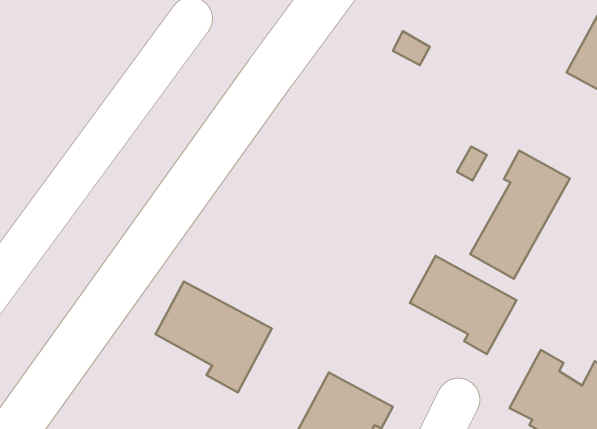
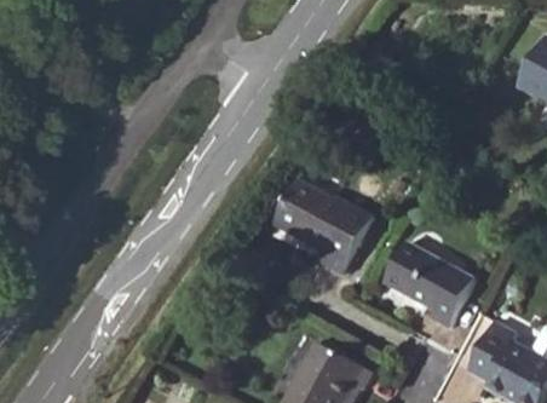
building: [470,151,570,279] -> none
building: [155,281,272,392] -> [271,178,370,272]

